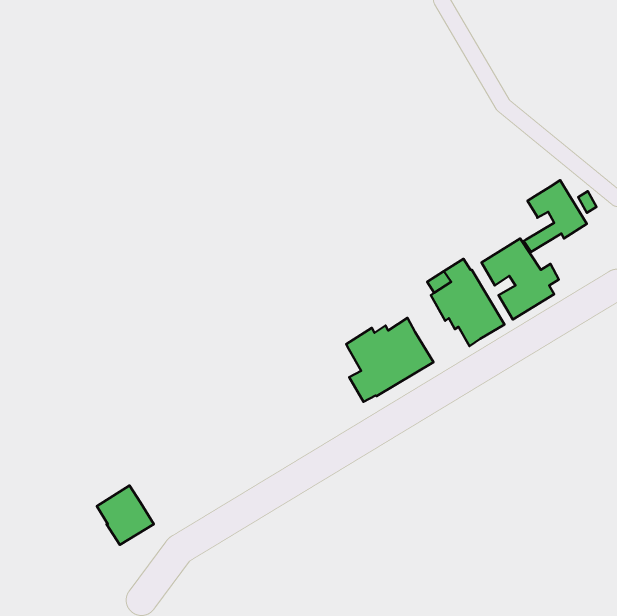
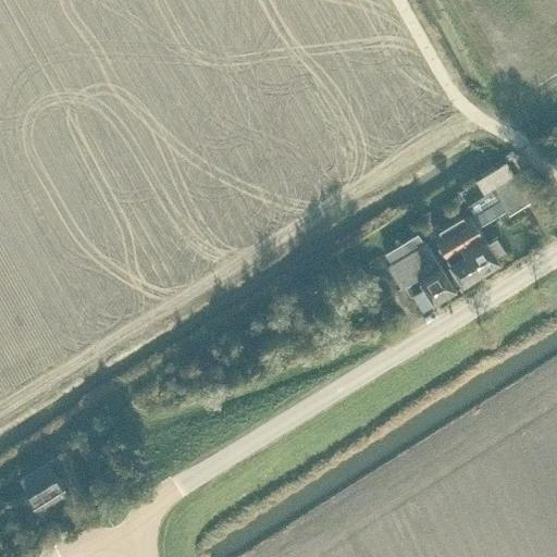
building: [346,318,433,402] -> none
building: [97,486,154,545] -> [17,462,69,516]

